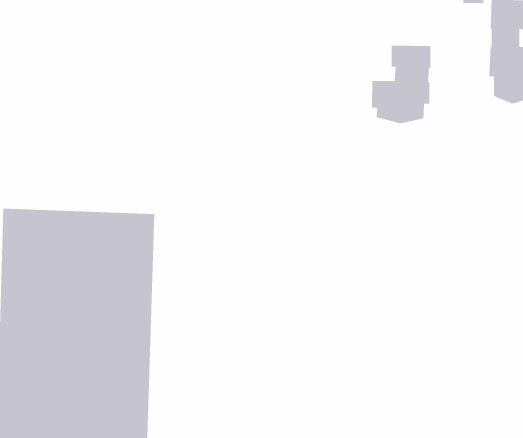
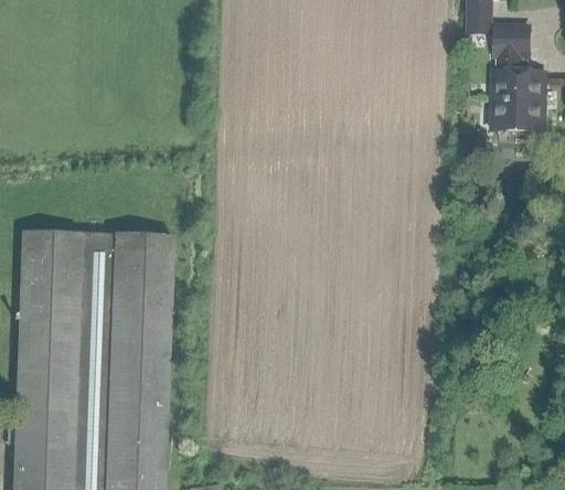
building: [371,45,431,124] -> none

